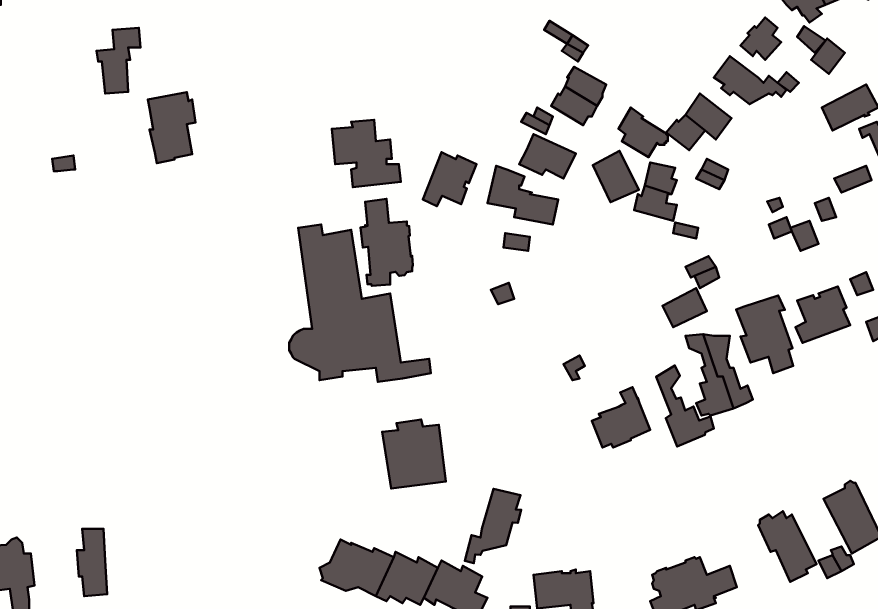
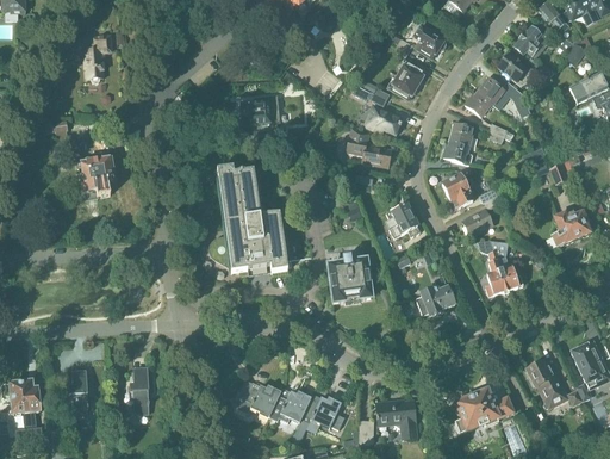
building: [148,92,196,163] -> [80,151,112,199]
building: [618,108,668,157] -> [412,24,446,57]
building: [593,151,639,202] -> [442,174,473,209]
building: [423,152,476,206] -> none
building: [361,199,413,286] -> none
building: none -> [386,204,419,237]
building: [736,295,793,373] -> none
building: [656,365,714,446] -> none
building: [382,420,446,489] -> [328,255,371,302]
building: [465,489,521,563] -> none
building: none -> [129,368,149,413]

